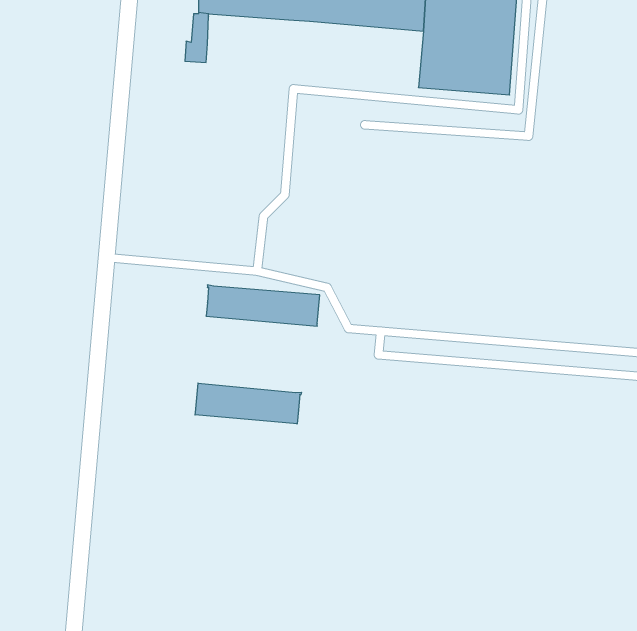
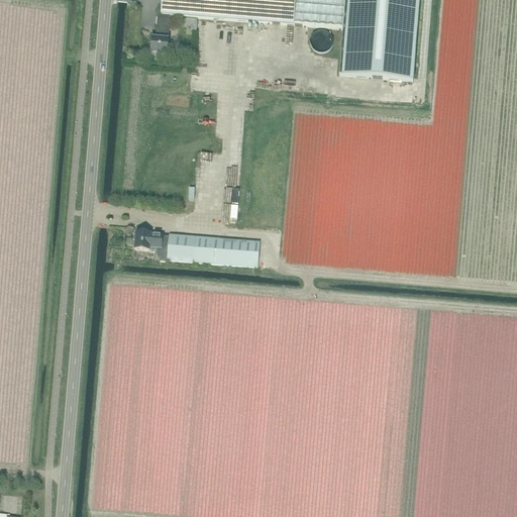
building: none -> [133,227,169,246]
building: [195,383,301,424] -> none

